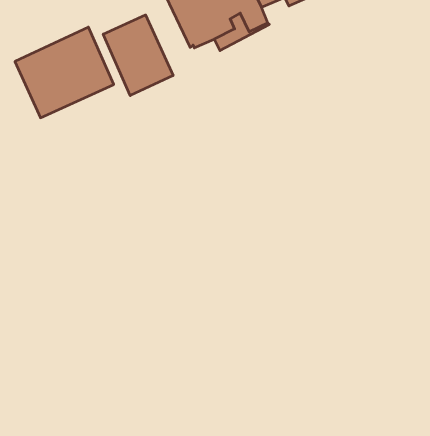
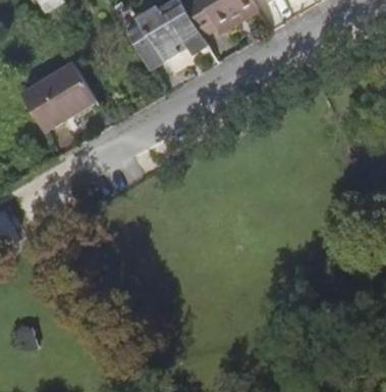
building: [103,15,173,96] -> none

